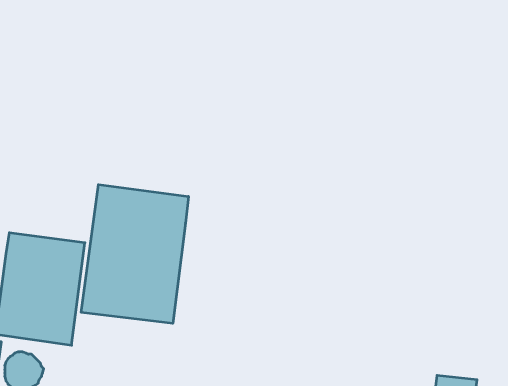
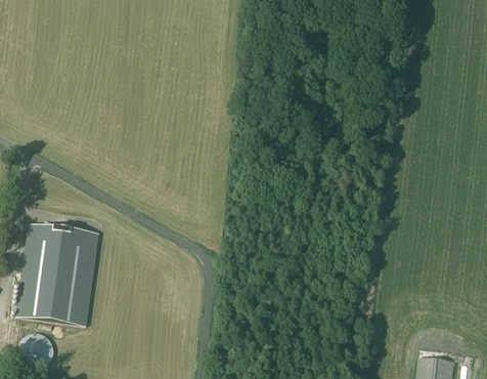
building: [81,185,188,323] -> none

